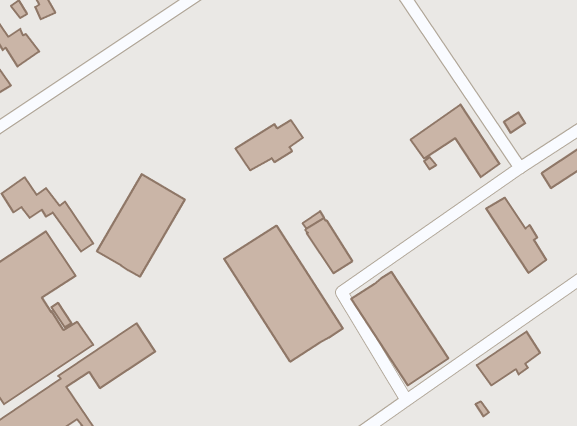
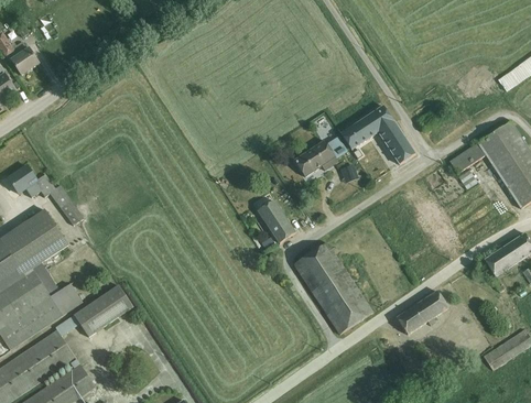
building: [235,120,303,170] -> [292,137,347,177]
building: [97,174,185,277] -> none
building: [486,198,546,273] -> none
building: [224,226,343,362] -> none

